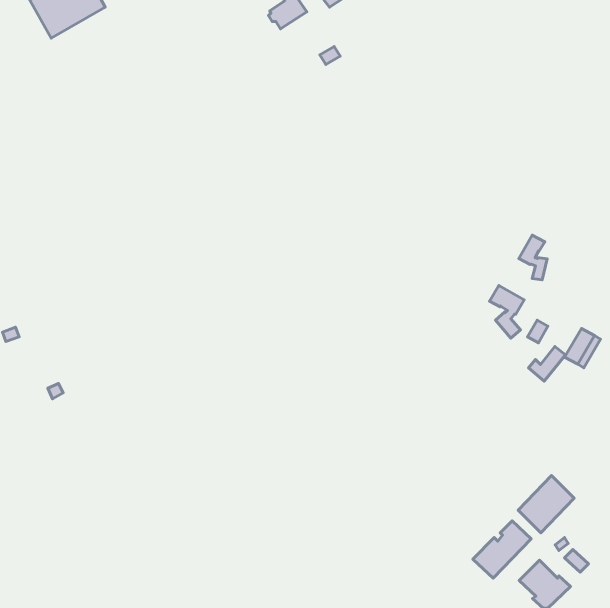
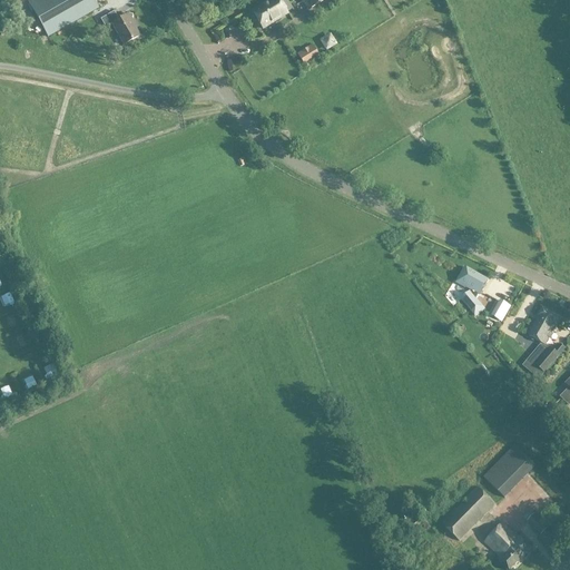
building: none -> [100,10,139,42]
building: [519,235,547,280] -> none
building: [529,346,566,381] -> [524,345,559,377]

